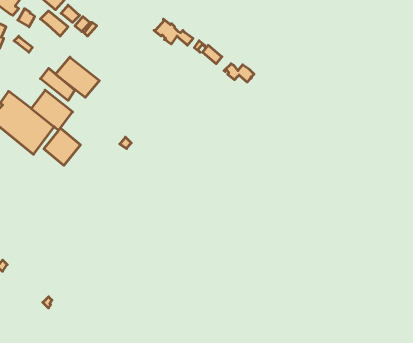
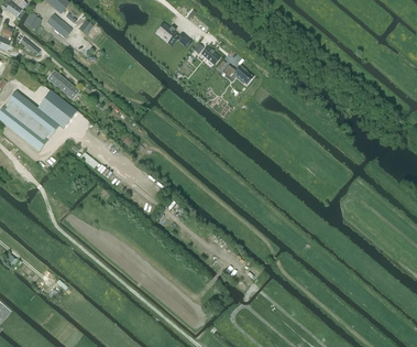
building: [56,57,99,97] -> none
building: [44,128,80,165] -> none

